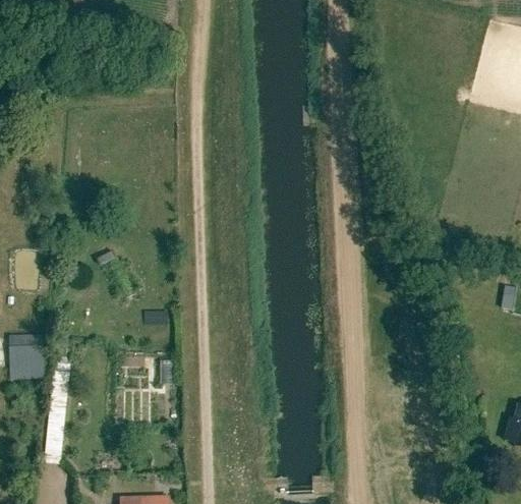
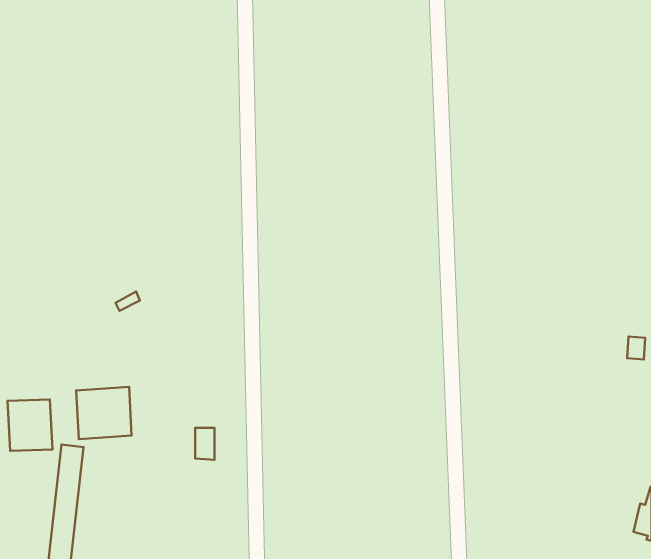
building: none -> [76,387,132,439]

